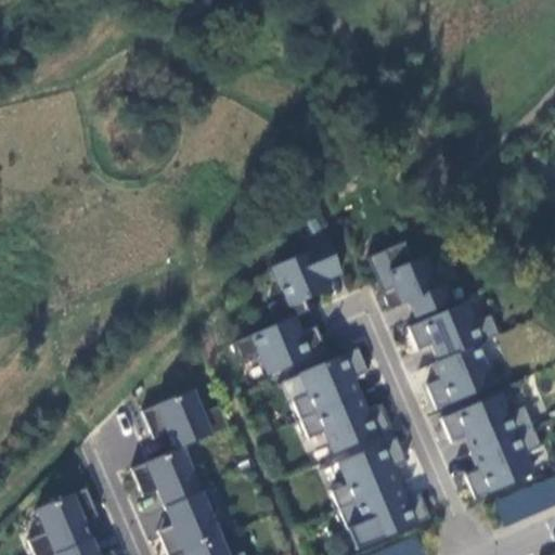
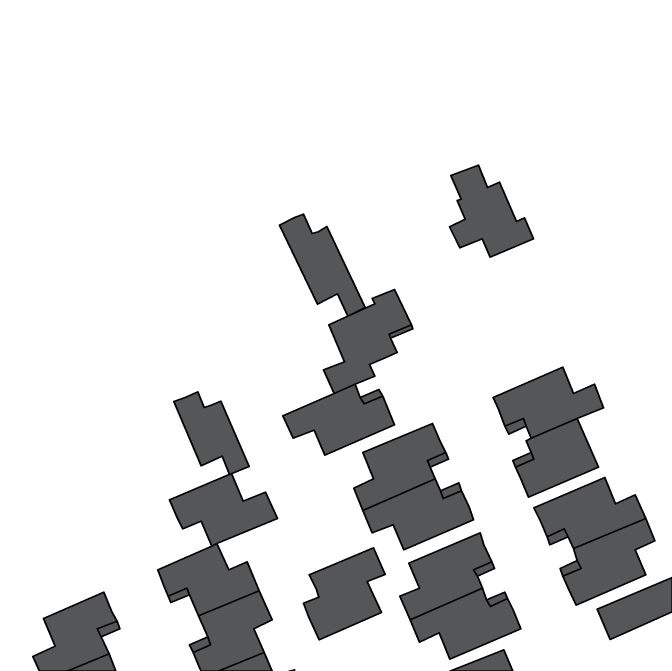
building: none -> [279,214,365,316]
building: [380,242,450,318] -> [449,165,534,257]
building: none -> [174,392,249,474]
building: none -> [303,548,385,640]

